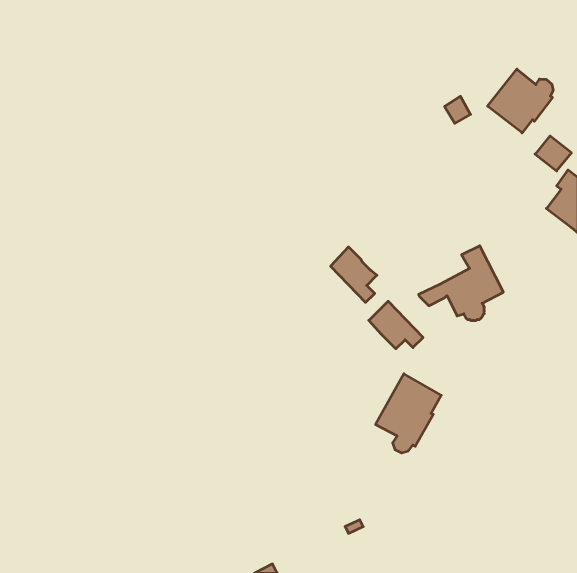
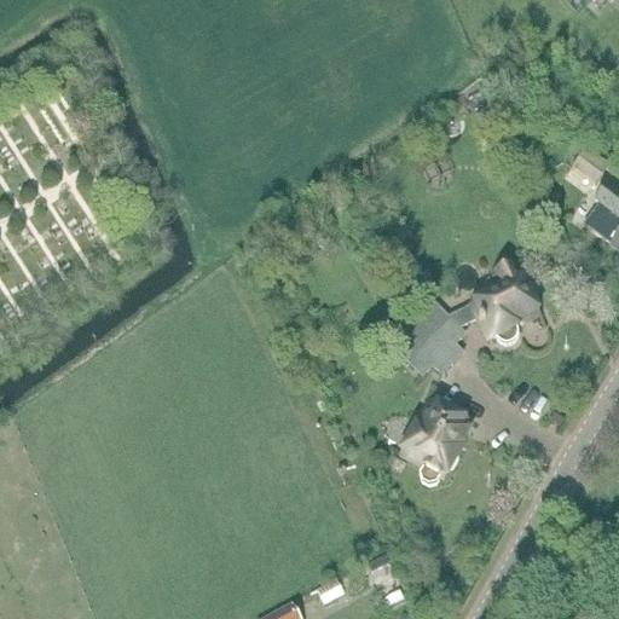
building: [488,69,553,133] -> none
building: [331,247,377,302] -> [416,301,465,360]

